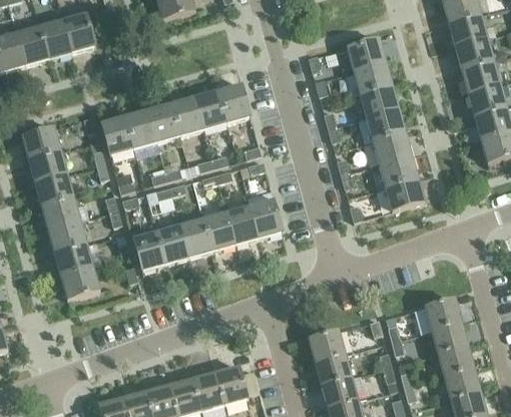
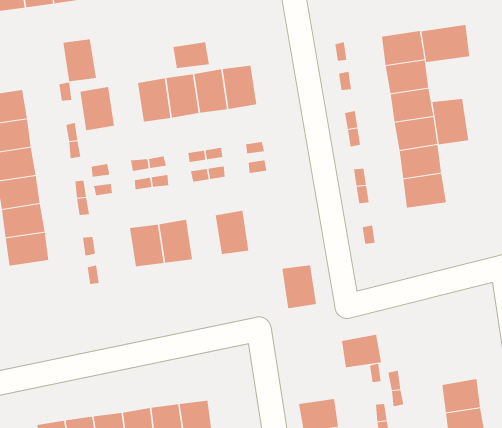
building: none -> [421,24,470,63]
building: none -> [173,42,209,69]
building: none -> [432,98,469,145]
building: [125,109,157,147] -> [62,39,97,82]
building: [385,177,424,210] -> none
building: [249,198,283,238] -> [281,265,317,309]
building: [203,212,235,251] -> none
building: [133,231,165,270] -> none
building: [60,266,100,299] -> none
building: [425,298,461,330] -> none
building: [309,329,345,360] -> [341,334,382,368]

